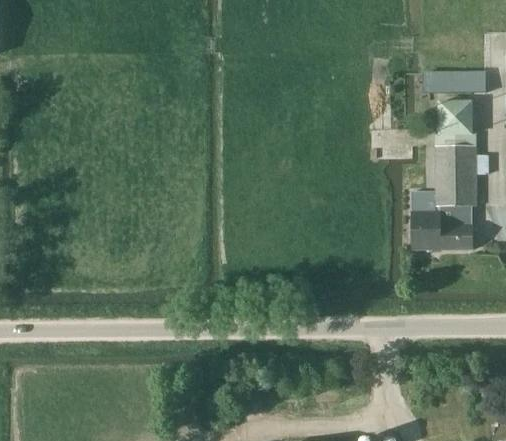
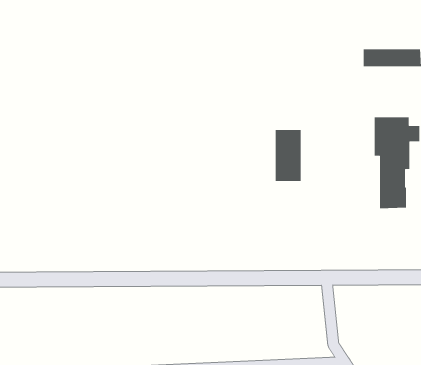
building: [438,99,474,135] -> none
building: [411,193,441,252] -> [275,129,302,182]

